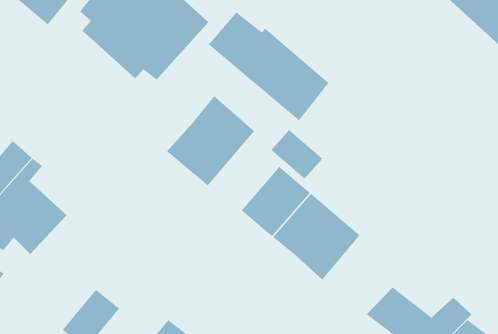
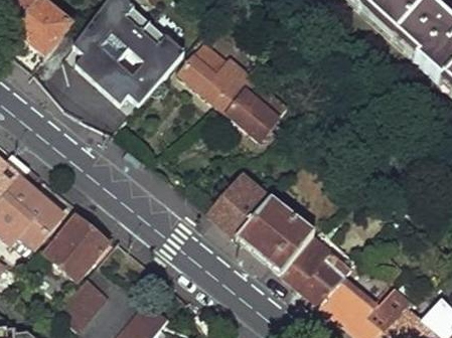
building: [166,95,255,187] -> none
building: [271,129,323,180] -> none
building: none -> [45,216,109,279]
building: none -> [282,236,345,302]

